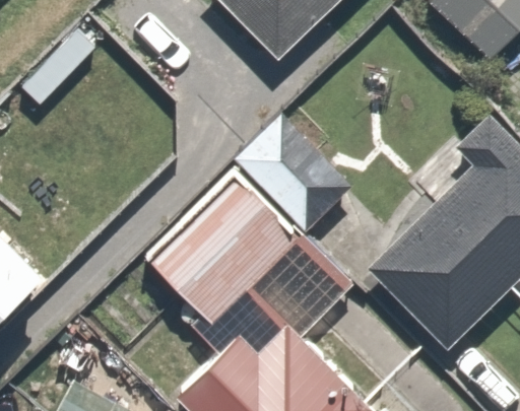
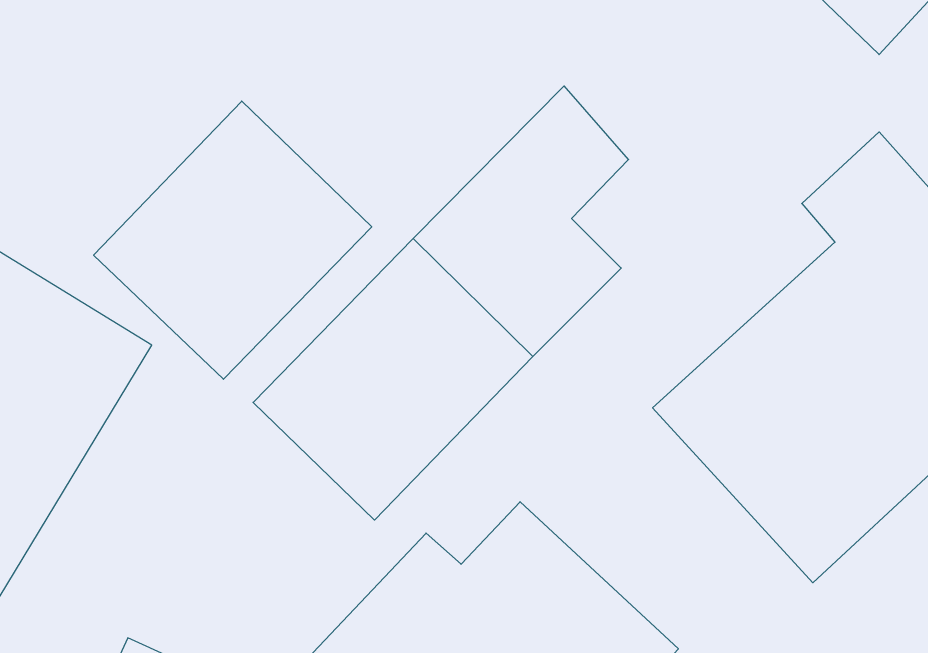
building: none -> [94,101,372,379]

